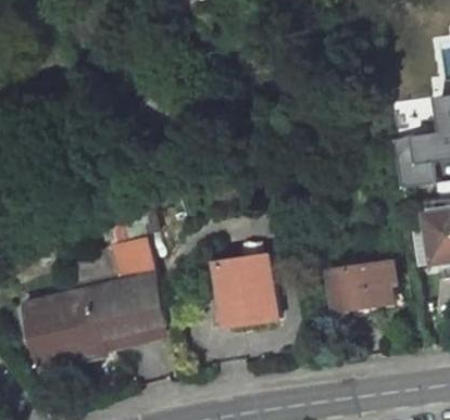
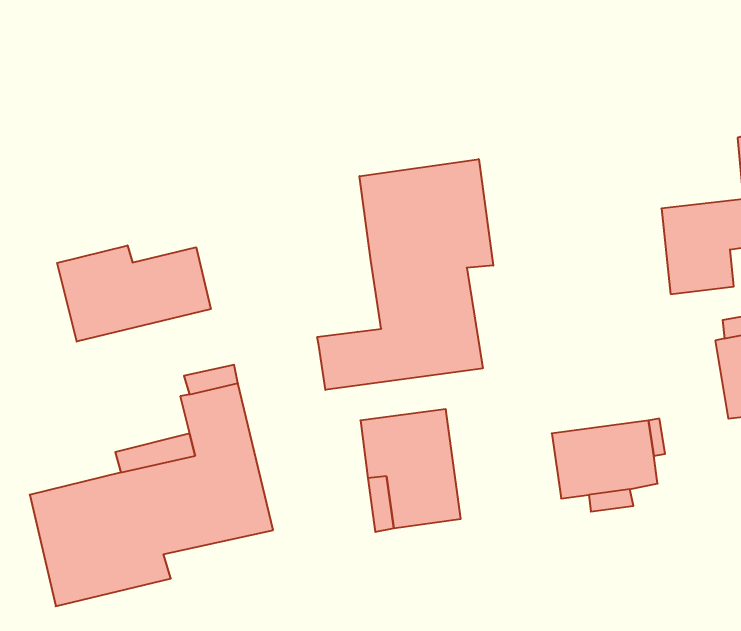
building: none -> [317,159,493,390]
building: none -> [57,245,211,342]

